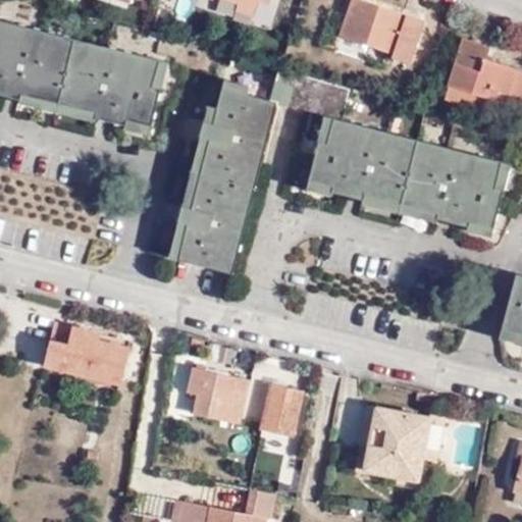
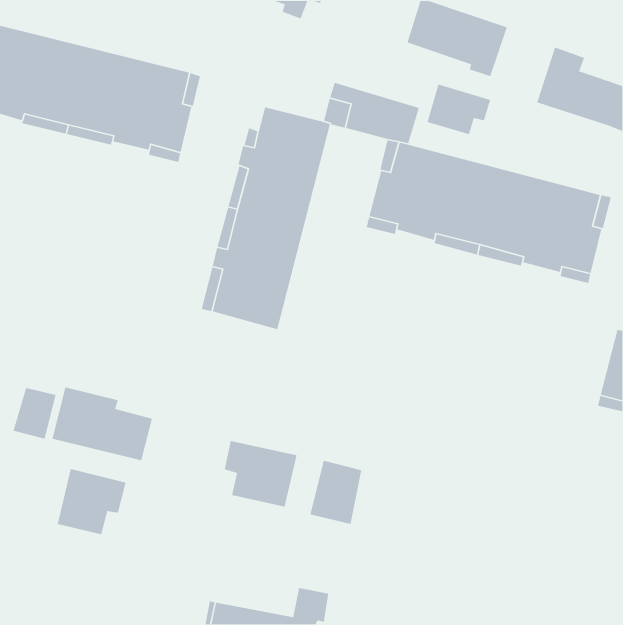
building: none -> [427,84,491,135]
building: none -> [12,387,56,440]
building: none -> [57,468,126,535]
building: [353,405,430,481] -> none

